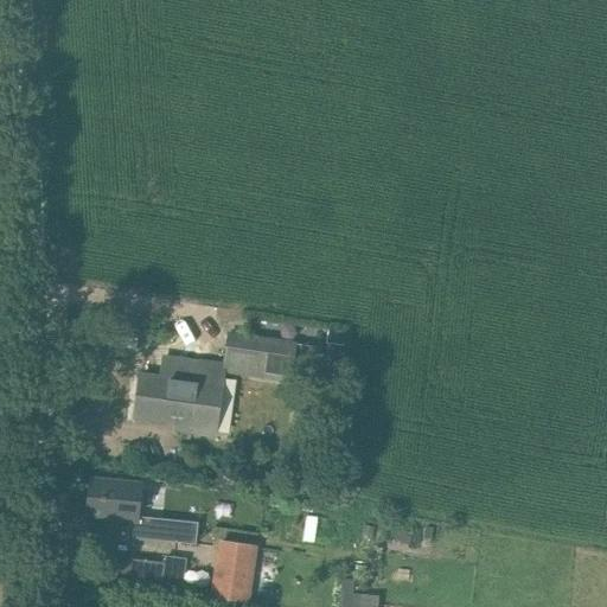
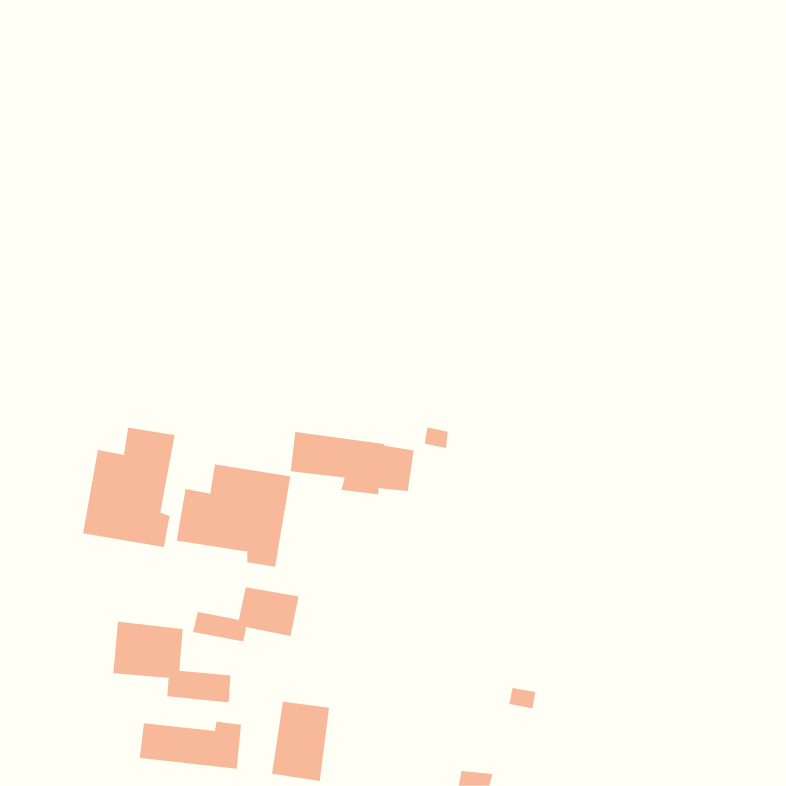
building: none -> [82,427,175,548]
building: none -> [192,587,299,642]

